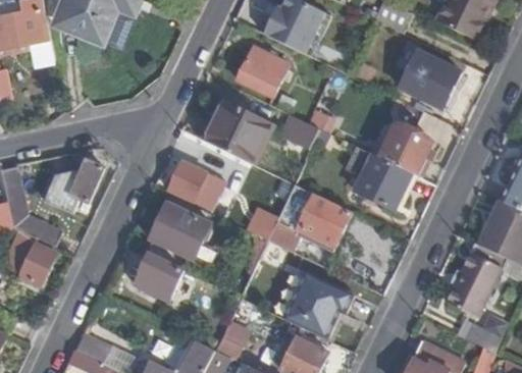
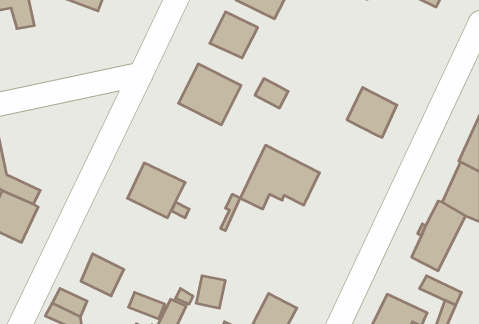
building: [399,51,459,108] -> none
building: [353,154,411,211] -> none
building: [44,160,102,212] -> none
building: [170,161,219,205] -> none
building: [137,256,181,300] -> [81,254,124,296]
building: [288,276,353,339] -> none

